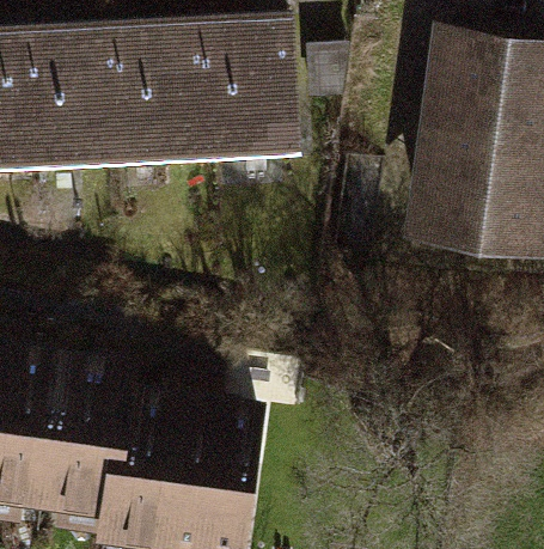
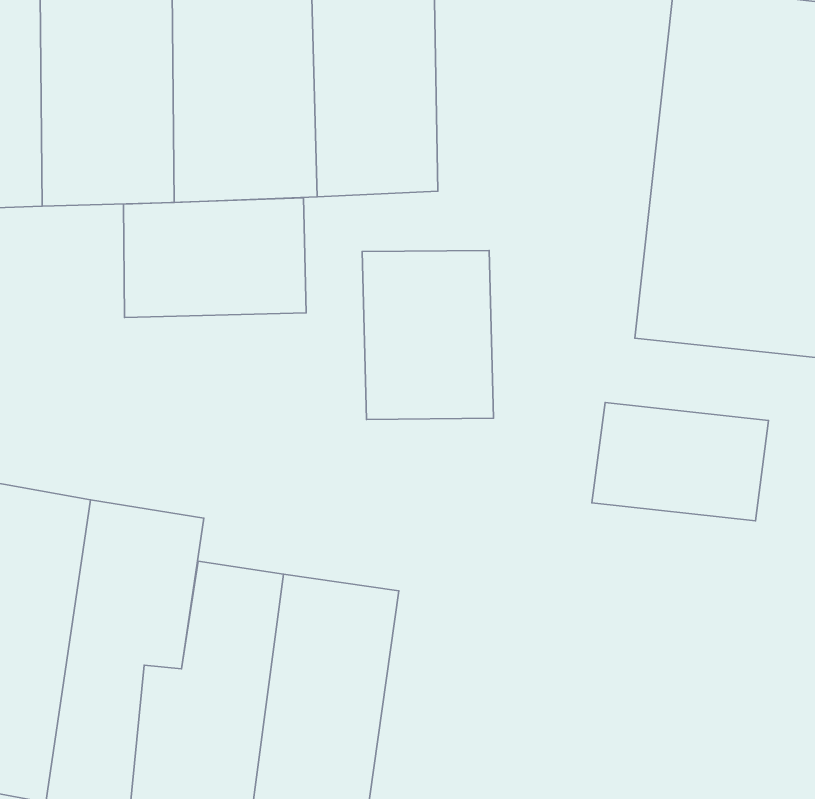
building: none -> [123,198,306,318]
building: none -> [362,250,494,419]
building: none -> [592,402,769,521]

